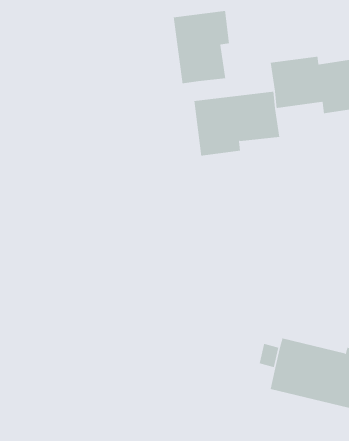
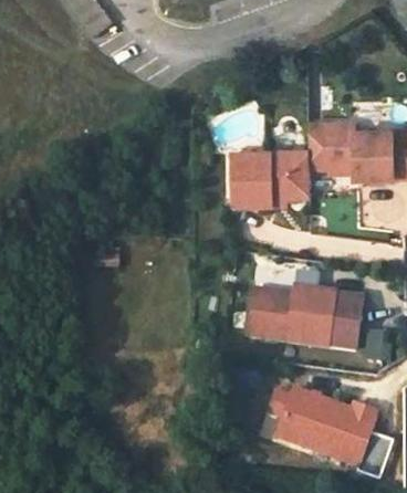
building: [173,10,230,84] -> none
building: none -> [248,290,362,349]

